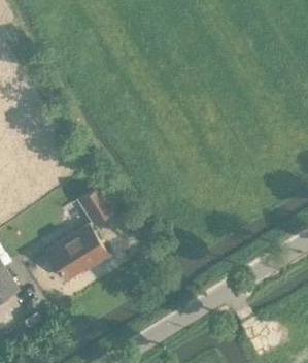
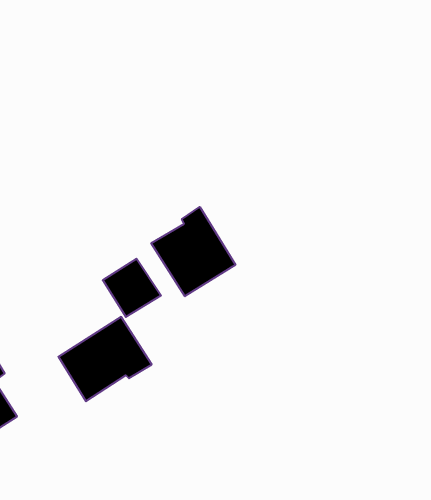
building: none -> [151,207,235,296]

